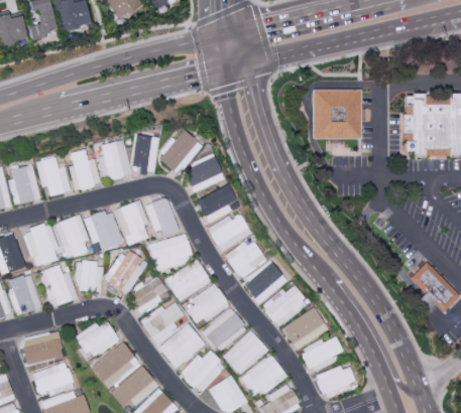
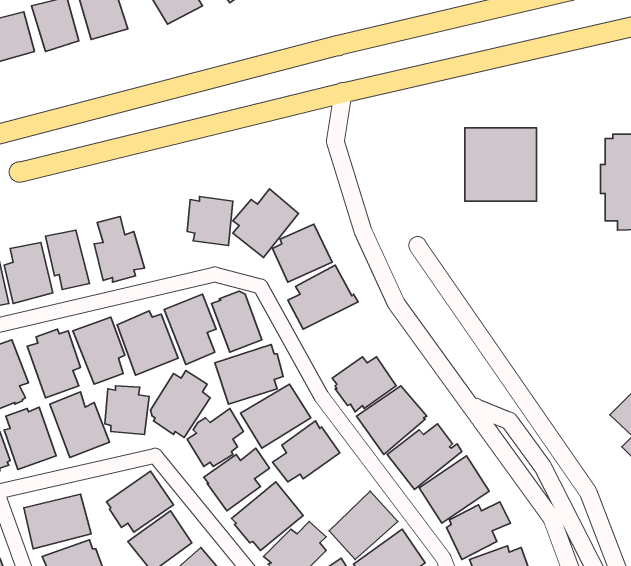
building: [98,139,131,179] -> none
building: [208,215,252,252] -> none
building: [201,306,246,351] -> none

